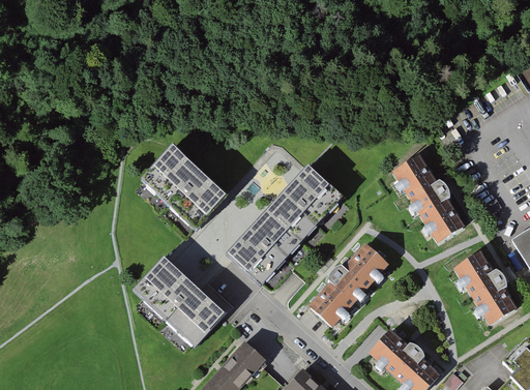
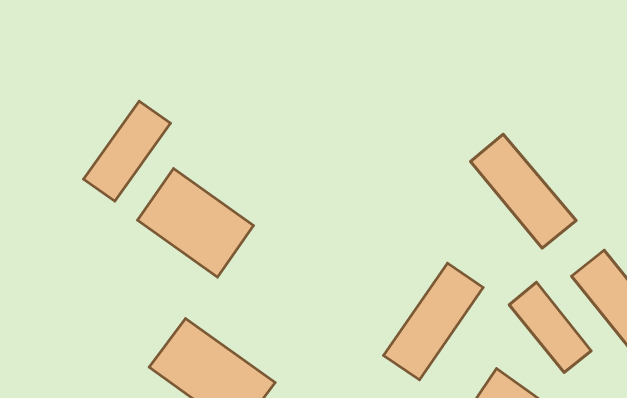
building: none -> [84,101,171,201]
building: [227,166,342,284] -> none
building: none -> [509,282,591,372]

